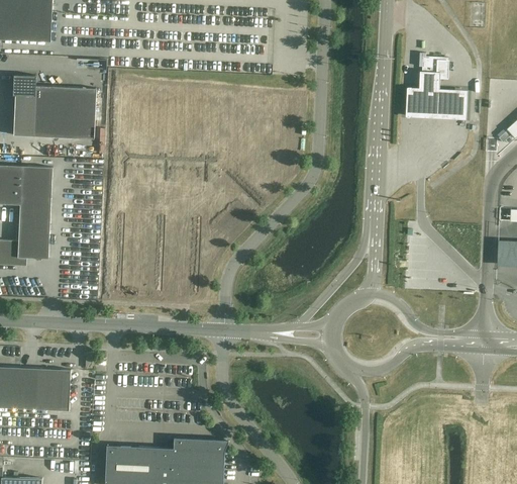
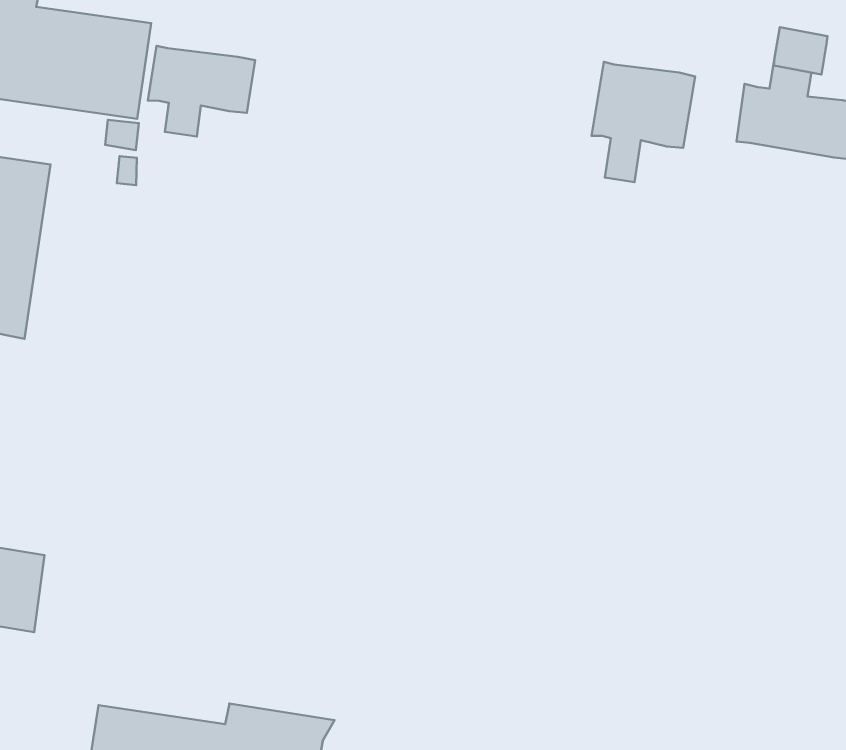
building: none -> [592,62,695,182]
building: none -> [148,46,255,137]

